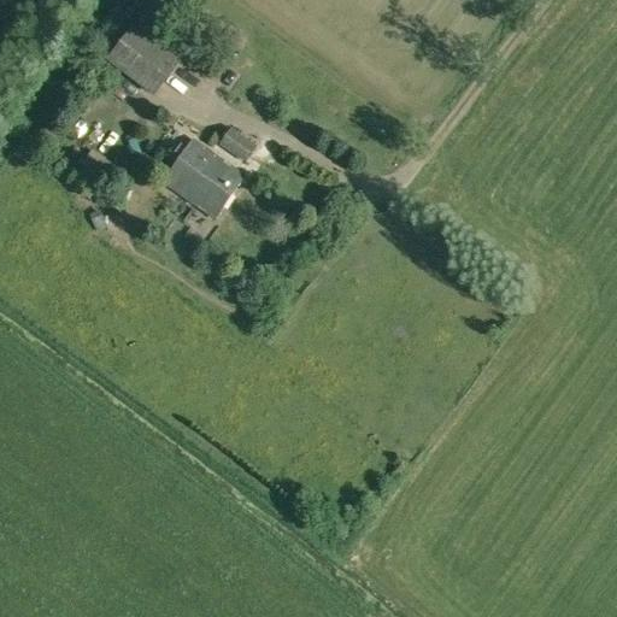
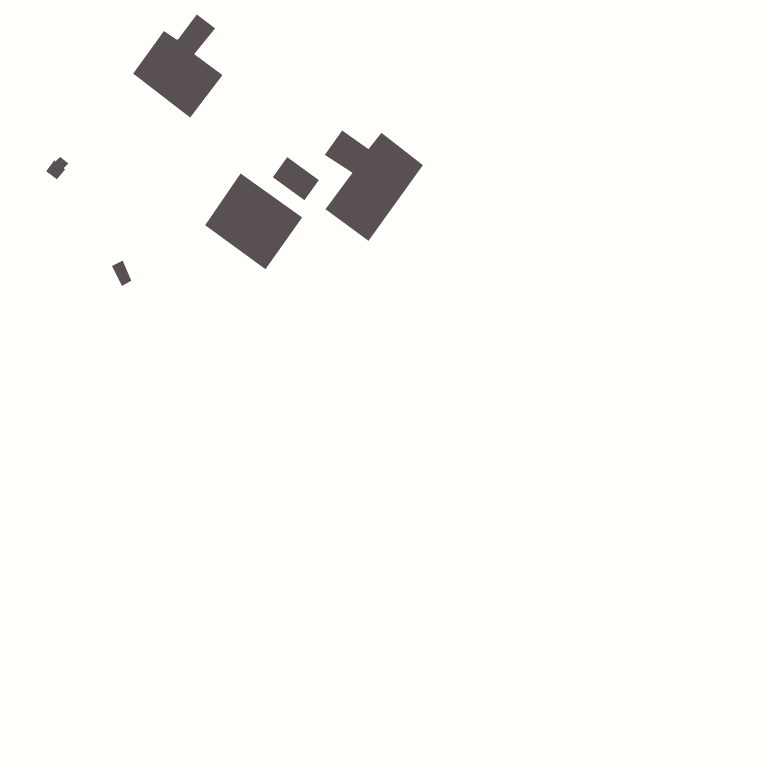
building: none -> [324,129,424,242]

